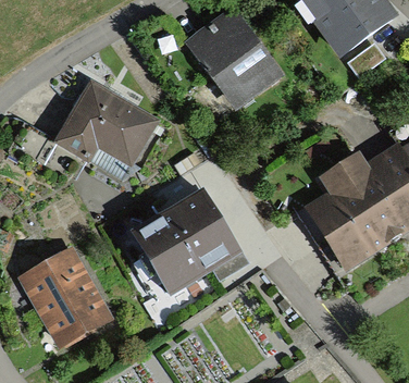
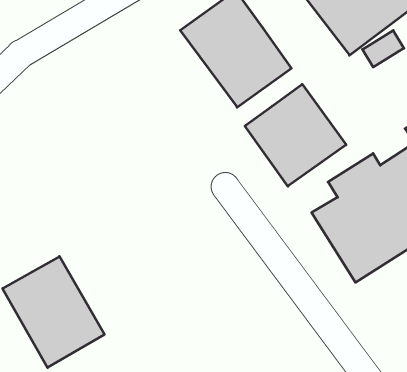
building: [55,78,160,176] -> none
building: none -> [245,84,346,186]
building: [132,187,250,297] -> none

